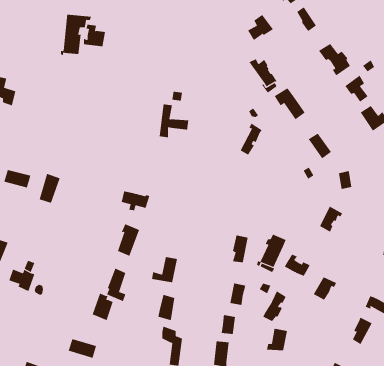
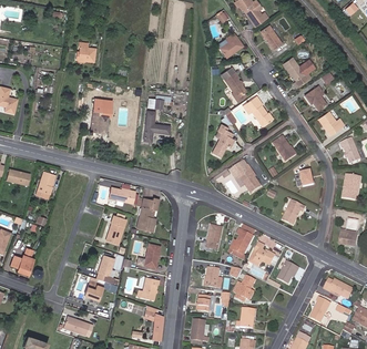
building: [60,14,92,56] -> [88,97,115,134]
building: none -> [230,160,261,191]
building: none -> [135,197,159,232]

